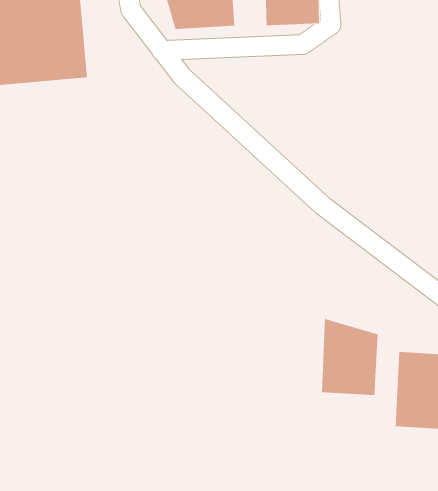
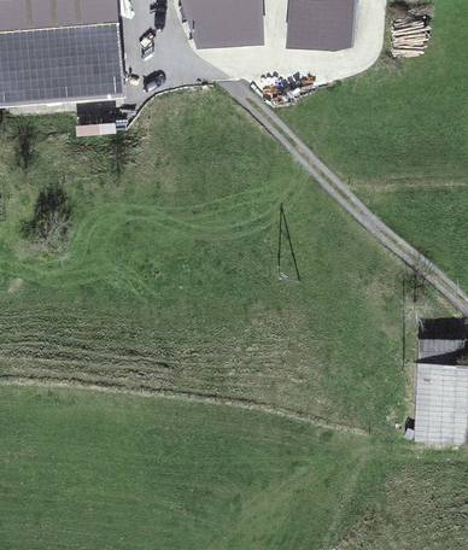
building: [321,318,378,396] -> none

